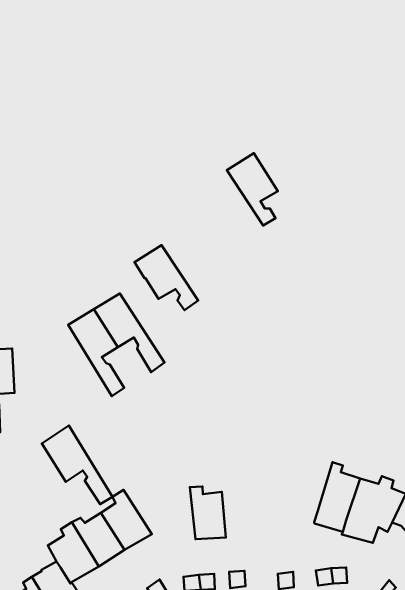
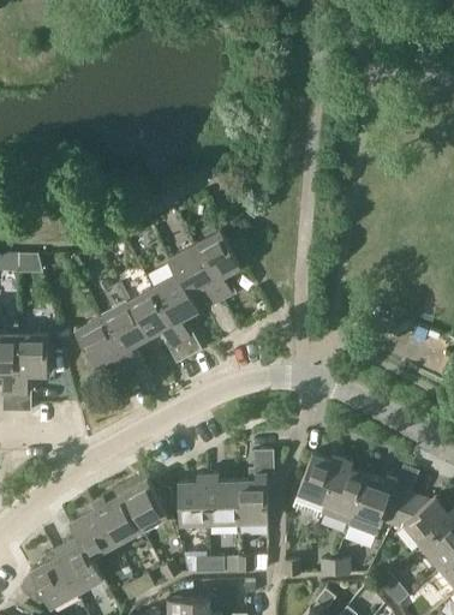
building: [227,153,278,225] -> [193,232,240,300]
building: none -> [151,276,202,357]
building: [42,425,113,504] -> [74,316,138,392]
building: none -> [237,452,274,525]
building: none -> [292,455,342,520]
building: none -> [178,476,209,526]

